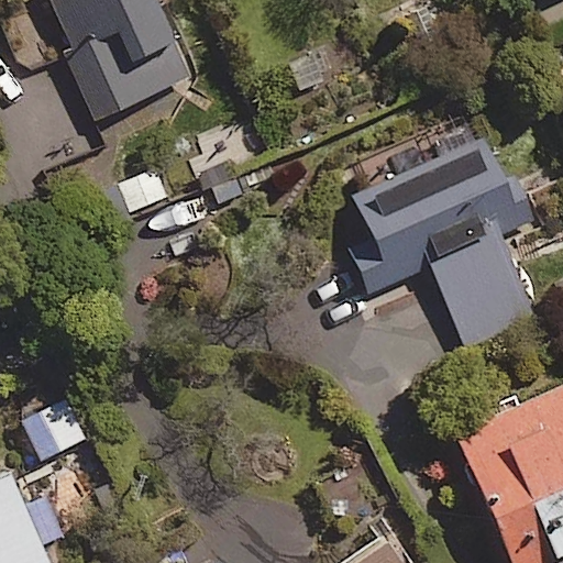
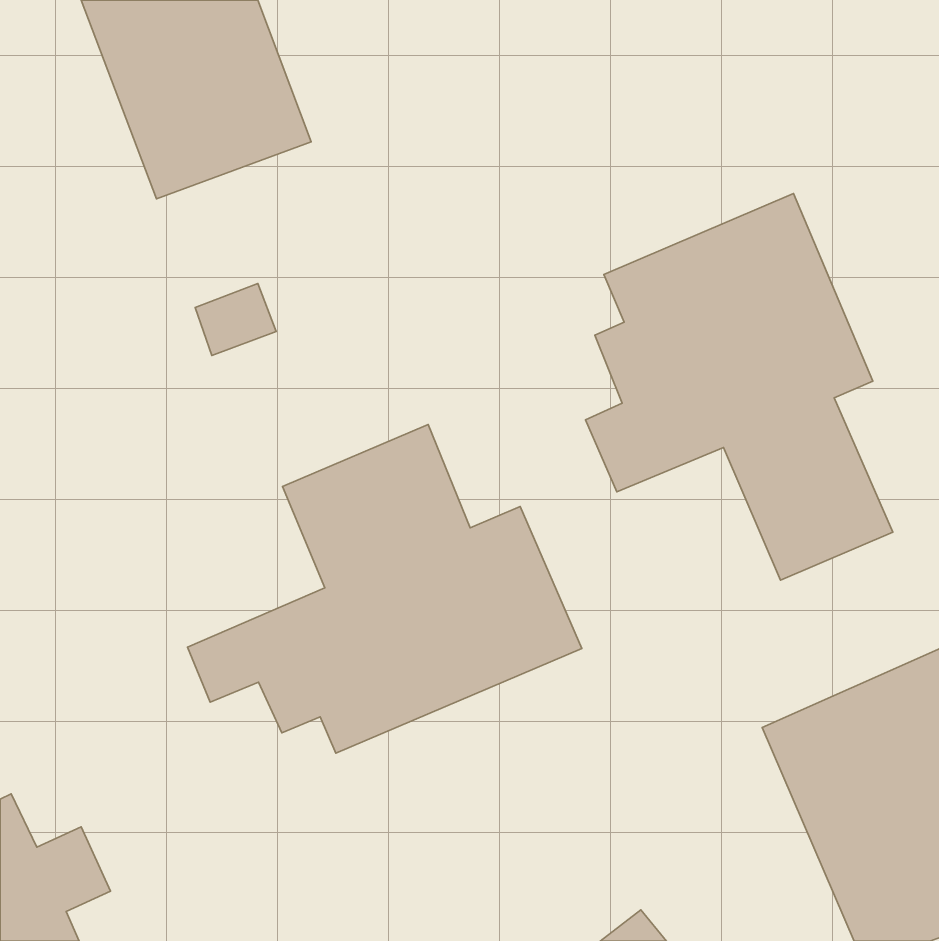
building: none -> [188,425,582,753]

